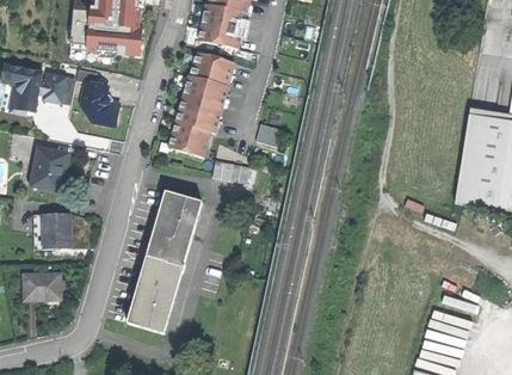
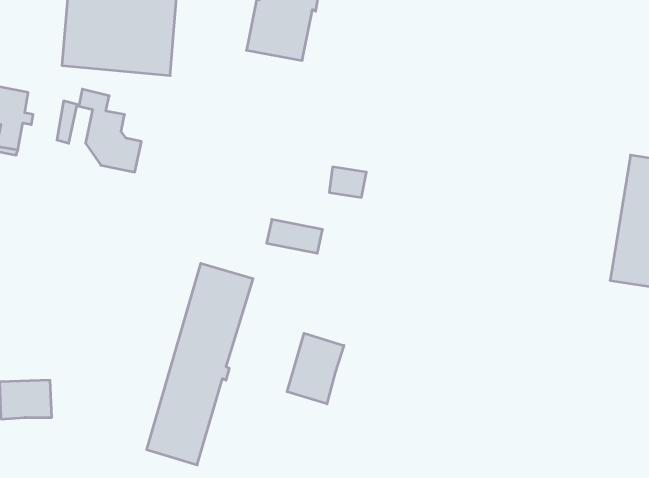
building: [168,50,233,155] -> none
building: [43,72,68,103] -> none
building: [31,147,68,190] -> none
building: [42,213,72,247] -> none
building: none -> [287,333,344,404]

